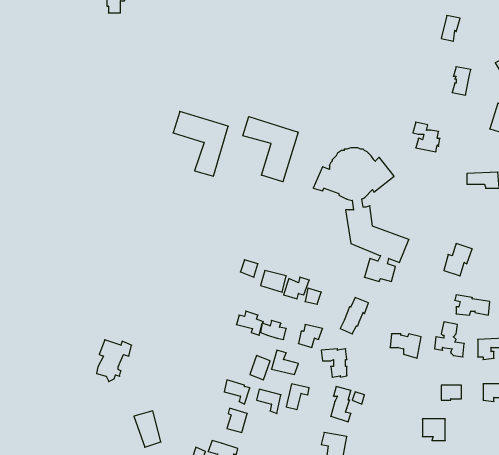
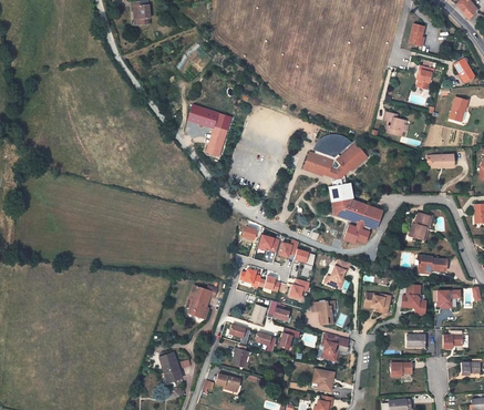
building: [243,117,298,182] -> none
building: [97,340,132,382] -> [187,283,216,317]

